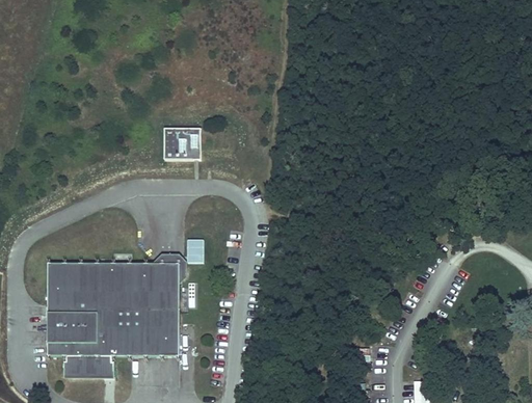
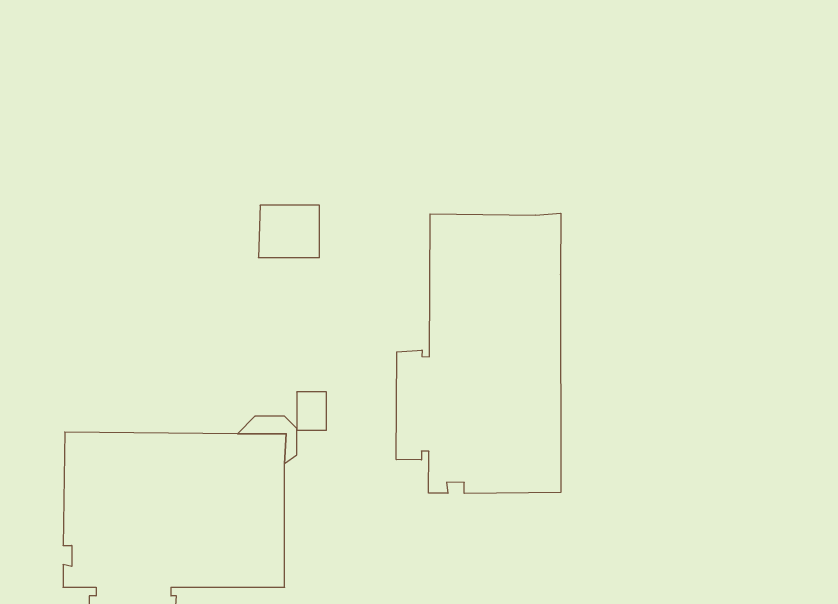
building: none -> [396,213,561,493]

